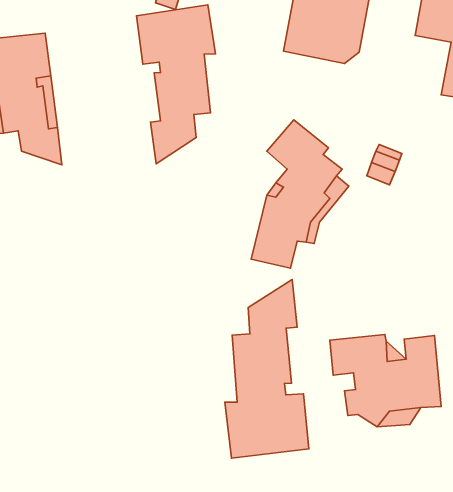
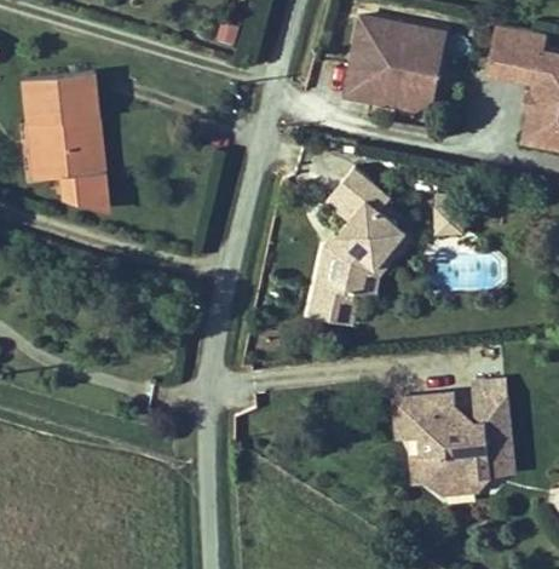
building: [137,5,216,164] -> none
building: [225,279,309,458] -> none

